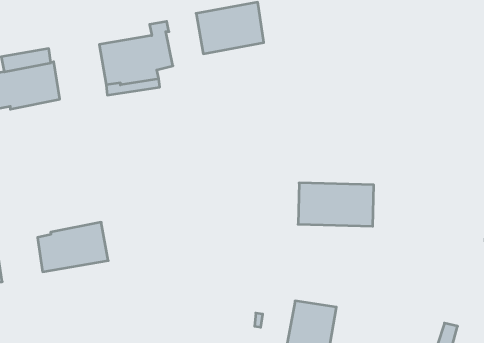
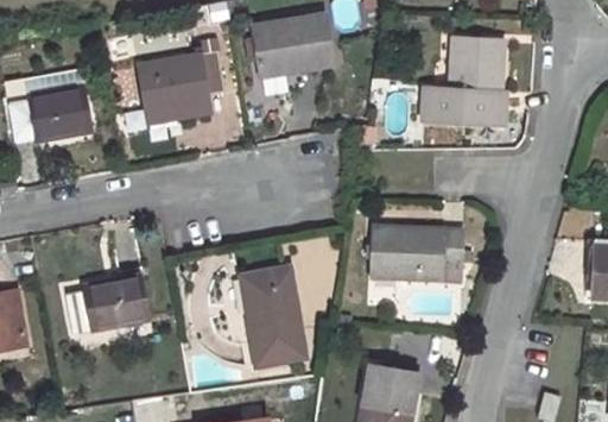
building: none -> [424,38,504,125]
building: none -> [241,269,305,366]

